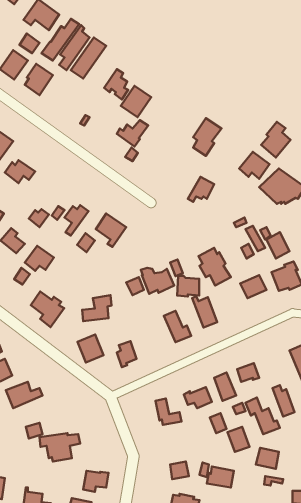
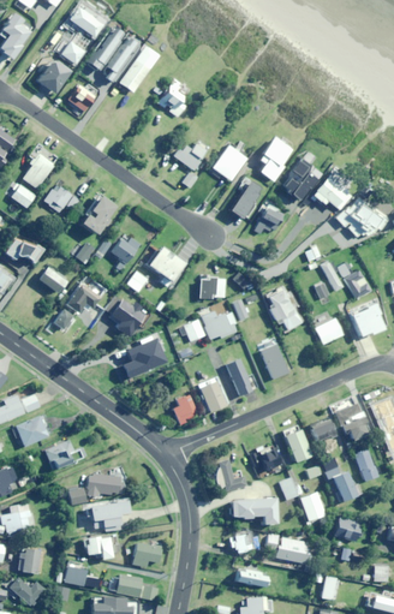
building: [121,86,151,117] -> [213,145,247,181]
building: [261,122,291,157] -> [285,160,318,201]
building: none -> [231,181,262,219]
building: none -> [79,195,114,234]
building: [177,276,199,297] -> [201,275,226,299]
building: [31,292,64,327] -> [107,296,145,336]
building: [77,334,104,363] -> [198,380,228,412]
building: none -> [335,404,368,440]
building: none -> [90,476,123,496]
building: none -> [231,497,279,524]
building: none -> [85,536,118,560]

